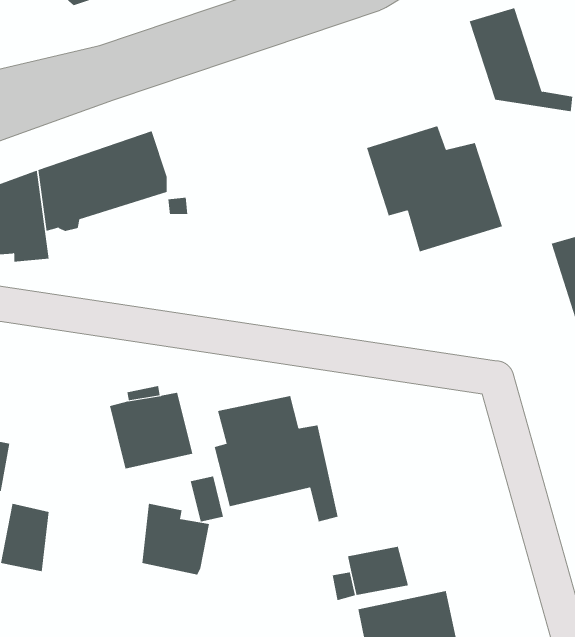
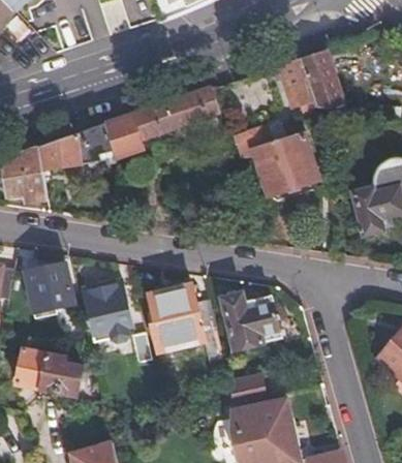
building: none -> [277,57,316,115]
building: none -> [107,87,221,151]
building: none -> [24,260,74,311]
building: none -> [221,294,281,351]
building: [141,503,210,575] -> [41,353,83,397]

